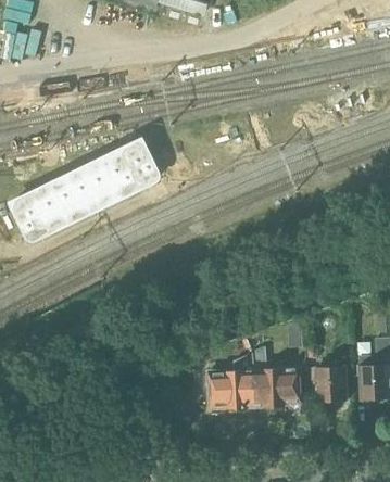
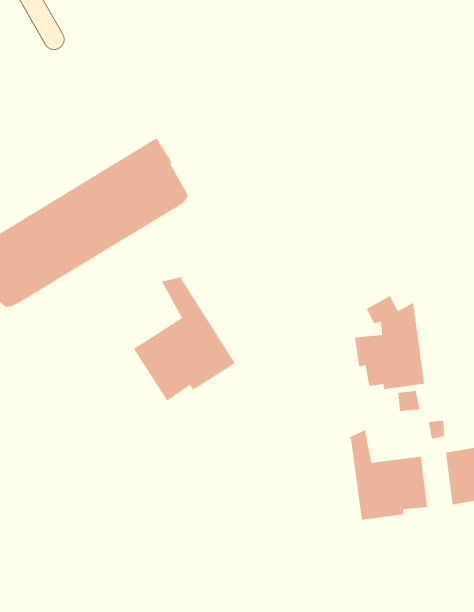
building: none -> [133,276,235,402]
building: [211,345,255,408] -> [354,295,425,389]

